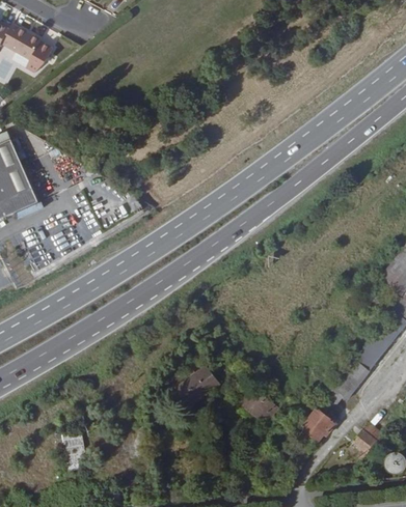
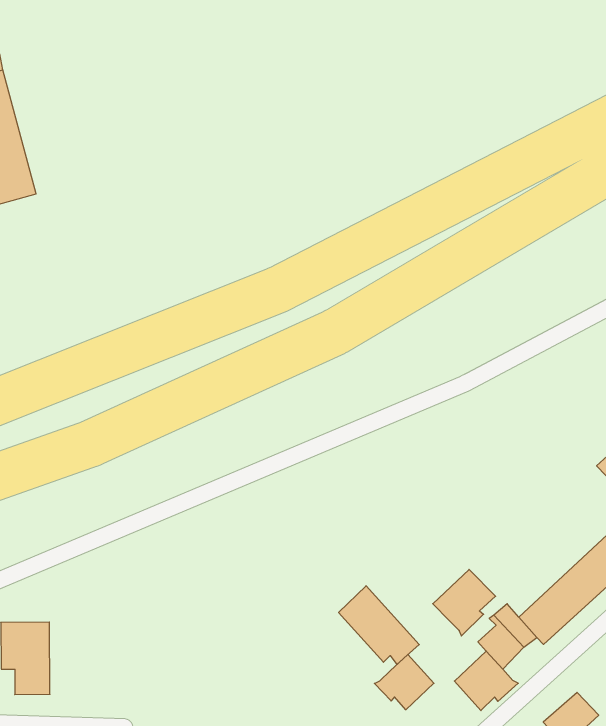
building: [174,365,220,406] -> none
building: none -> [433,569,496,636]
building: none -> [374,654,434,710]

